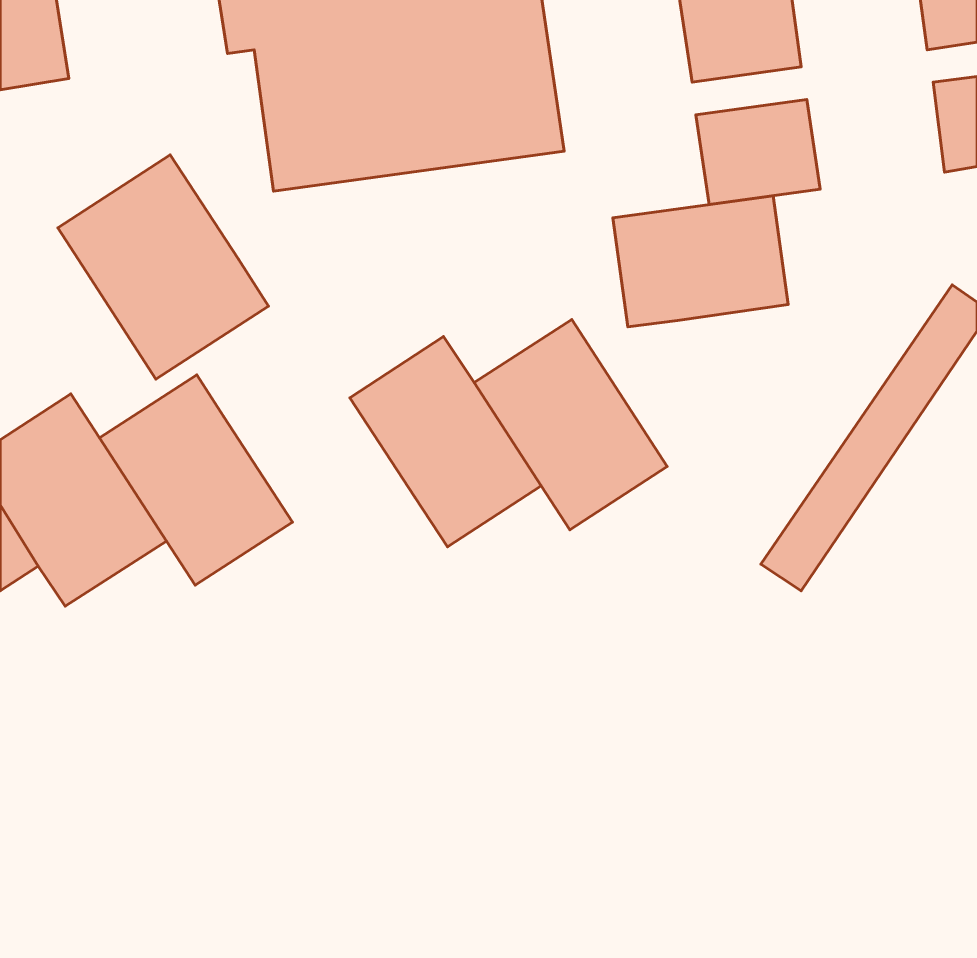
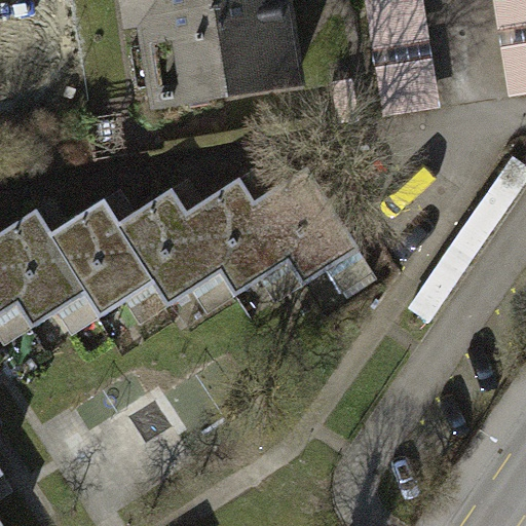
building: [58,155,268,379] -> none
building: [613,196,788,327] -> none
building: none -> [120,189,223,301]

